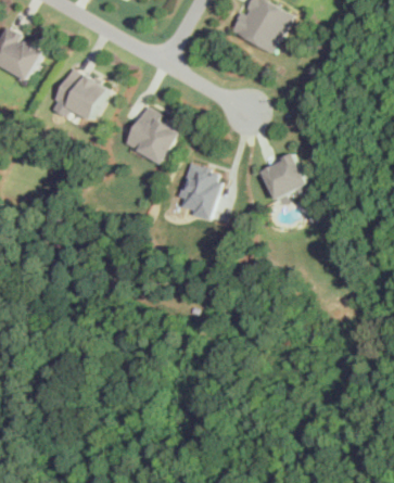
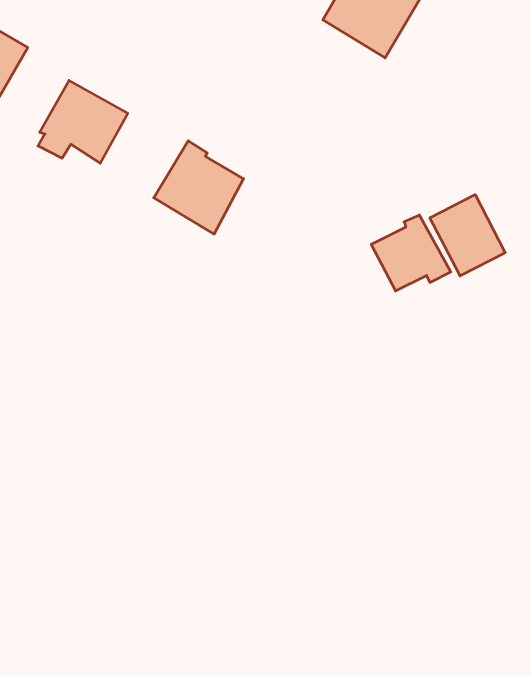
building: none -> [430,195,505,276]
building: [177,163,221,220] -> none

